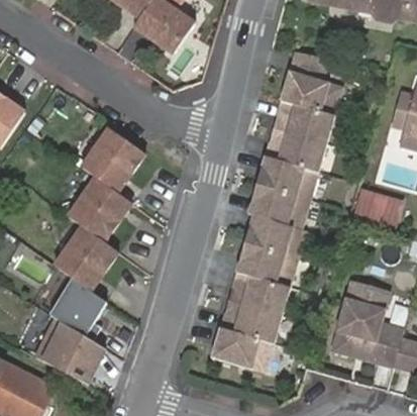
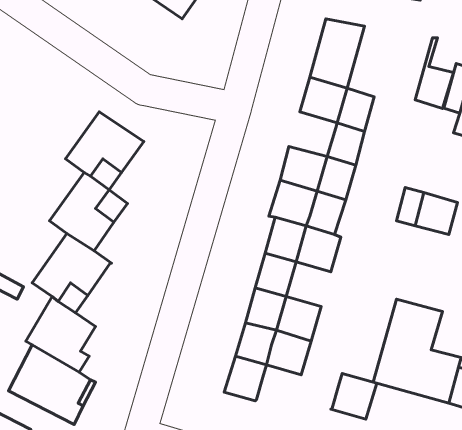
building: [311,59,342,116] -> [415,38,454,109]
building: [264,128,303,165] -> none
building: [262,250,298,287] -> none
building: [236,334,274,372] -> [331,373,377,419]

